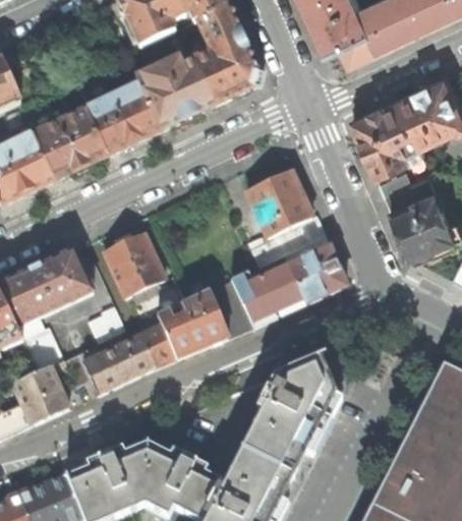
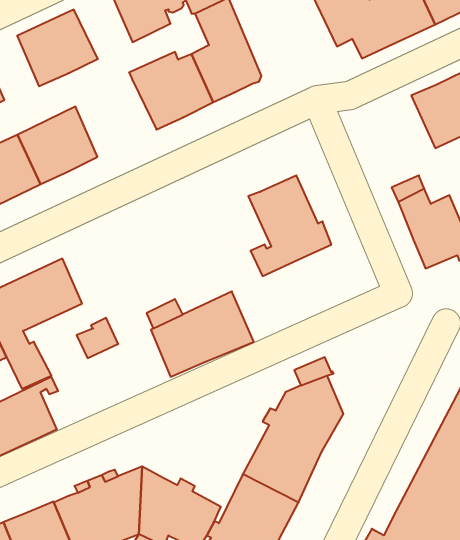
building: [85,82,161,154] -> [17,10,98,86]
building: [353,97,424,175] -> none
building: [104,232,164,301] -> none
building: [231,235,345,326] -> none
building: [63,314,174,394] -> none

